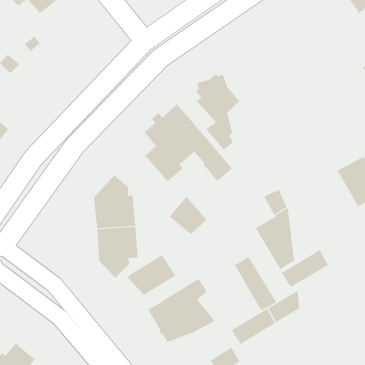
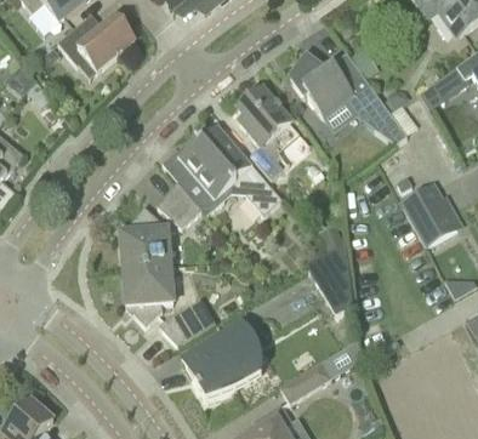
building: none -> [57,15,135,73]
building: none -> [290,53,406,146]
building: [169,196,208,234] -> [157,183,201,228]
building: [281,249,329,288] -> none
building: [234,256,277,311] -> none

